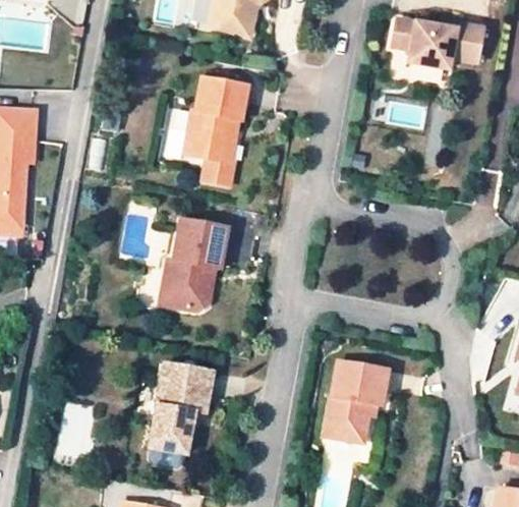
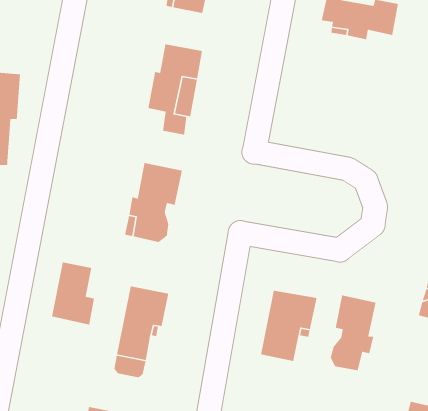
building: none -> [51,262,95,326]
building: none -> [330,294,377,371]

